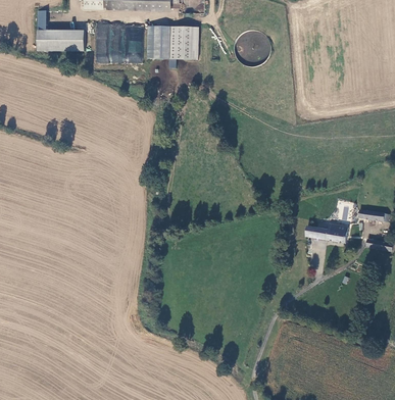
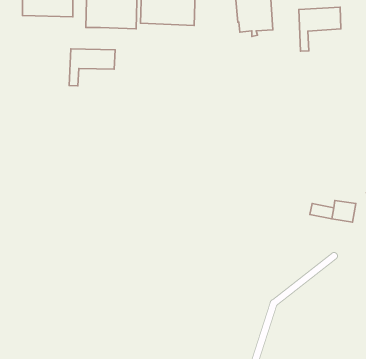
building: none -> [299,7,341,51]
building: none -> [69,49,115,86]

